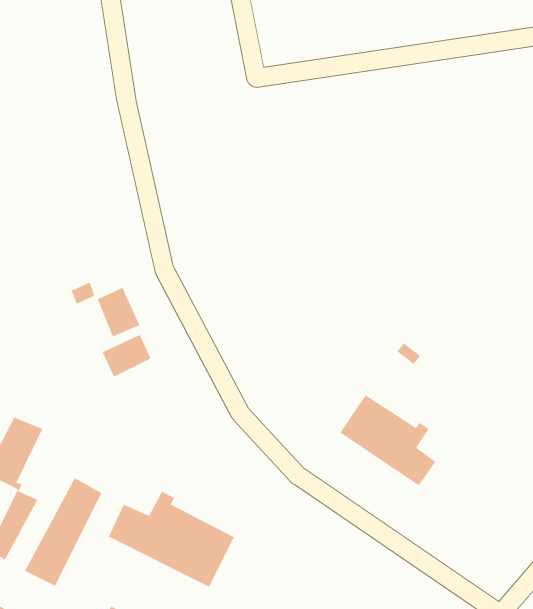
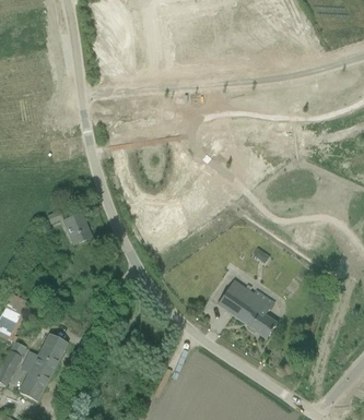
building: [102,334,151,377] -> none
building: [108,491,234,587] -> none

